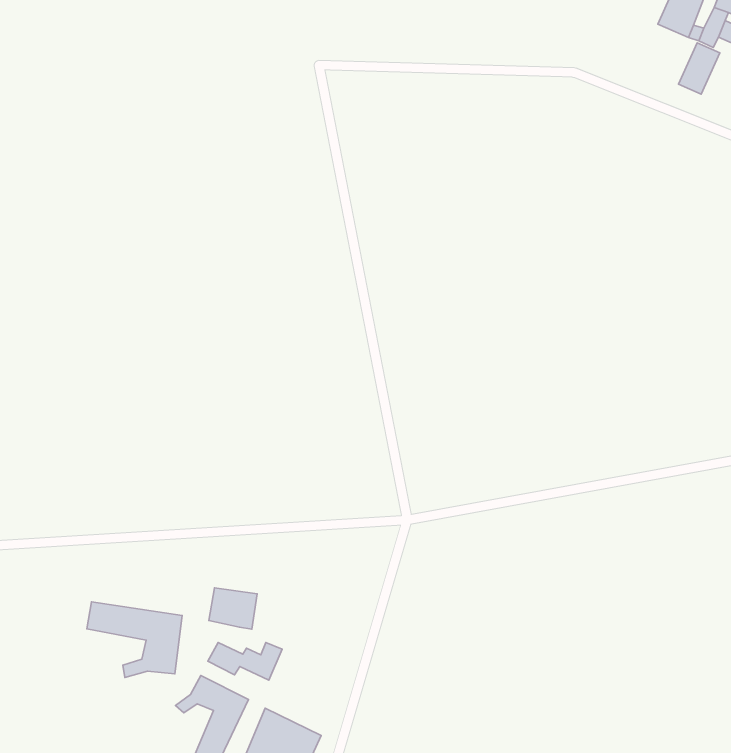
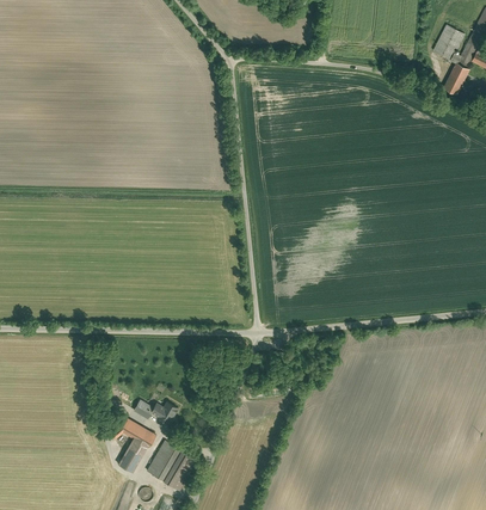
building: [209,588,257,629] -> none
building: [87,602,182,677] -> none

